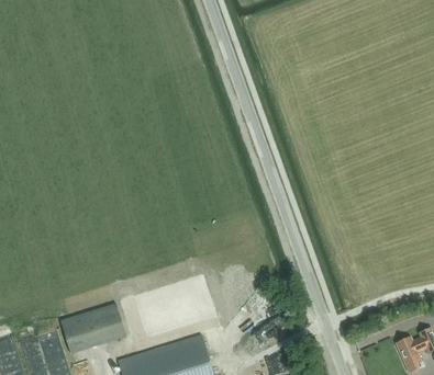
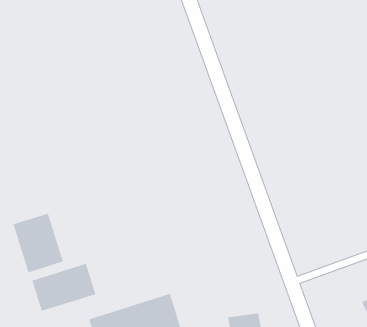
building: none -> [13,213,63,273]

